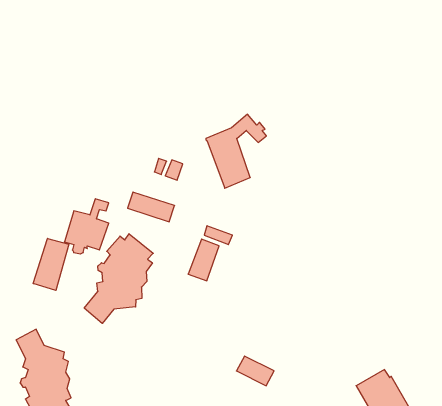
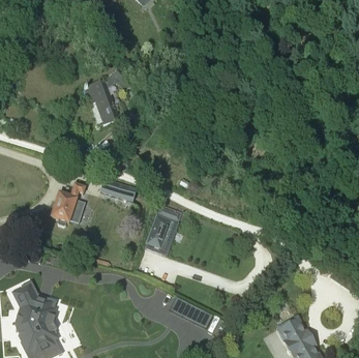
building: [206,114,266,188] -> [84,68,130,125]
building: [84,234,153,323] -> none
building: [33,238,69,290] -> none

